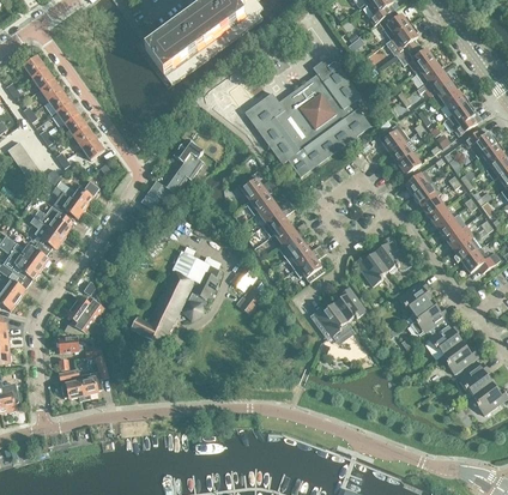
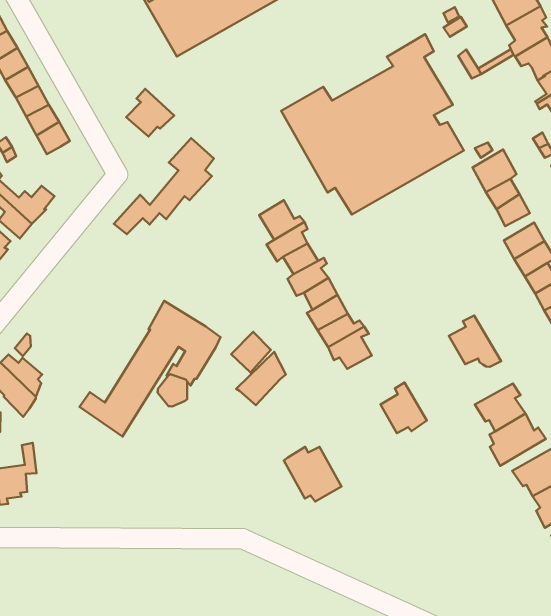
building: none -> [126,89,174,137]
building: [355,250,387,284] -> none
building: [310,302,351,339] -> [284,447,342,501]

